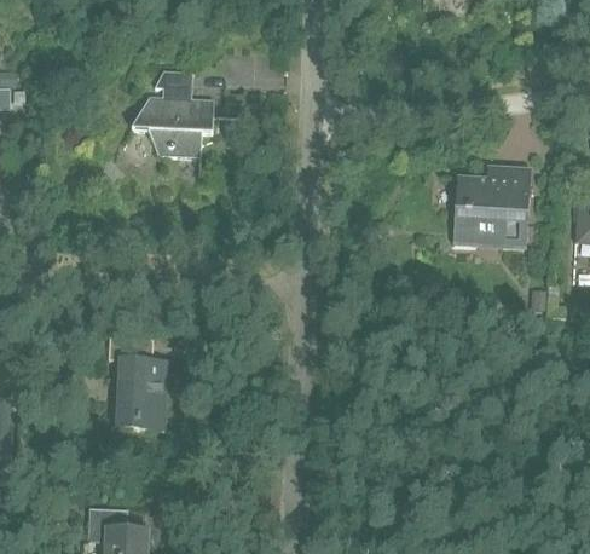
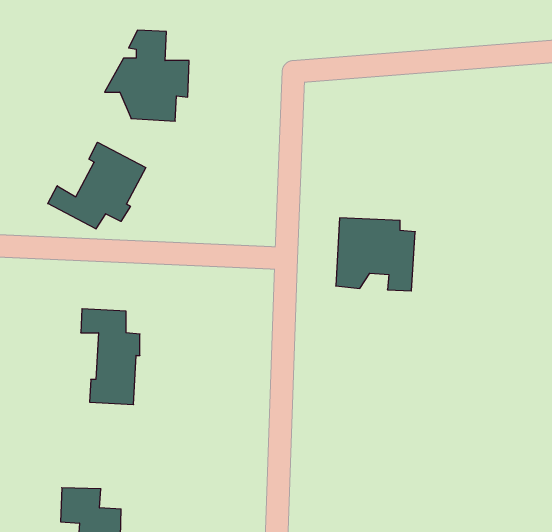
building: [453,177,530,247] -> [336,218,415,291]
building: none -> [48,142,146,229]

